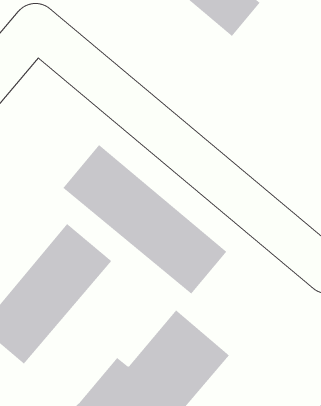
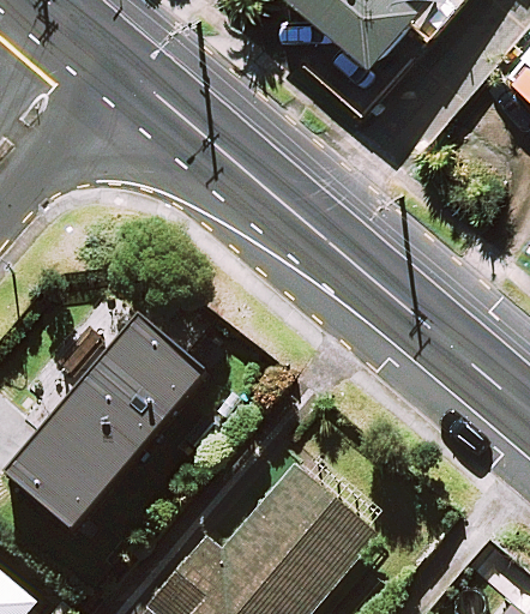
building: [63,144,227,294] -> none

